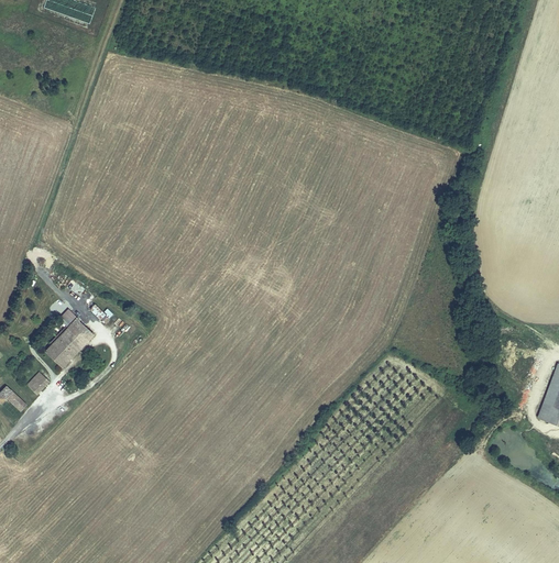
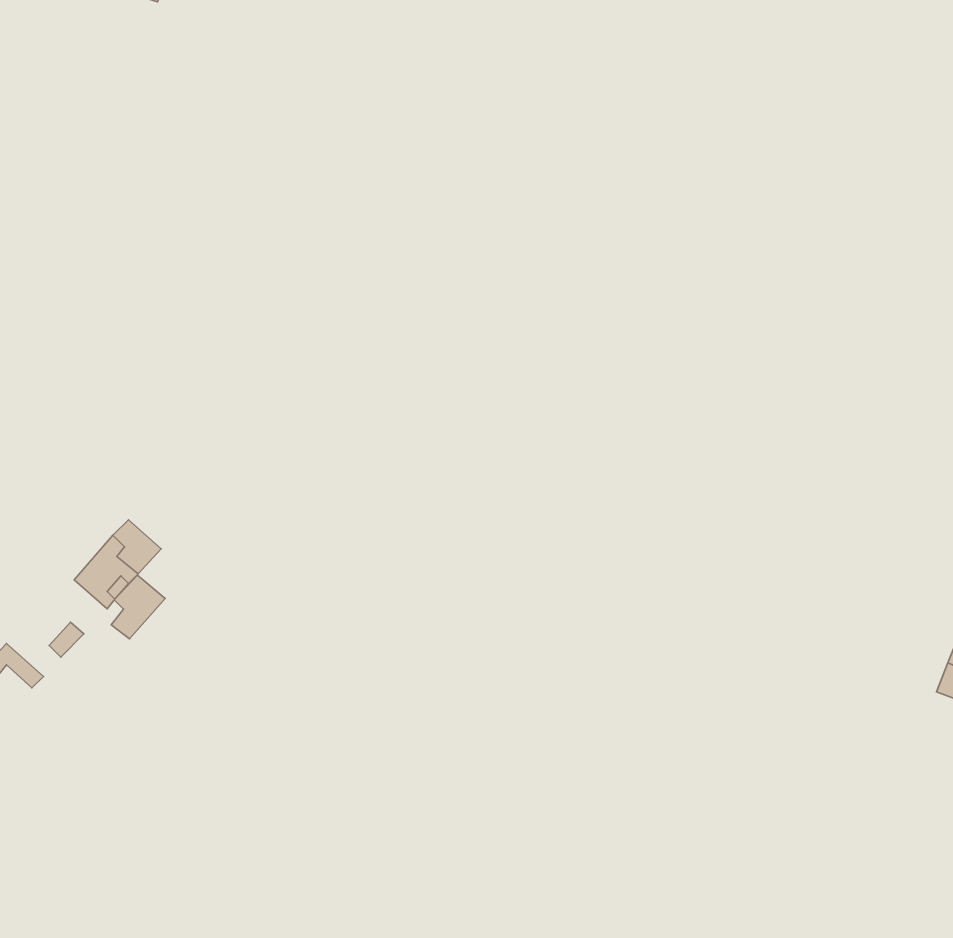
building: none -> [111,575,165,639]

